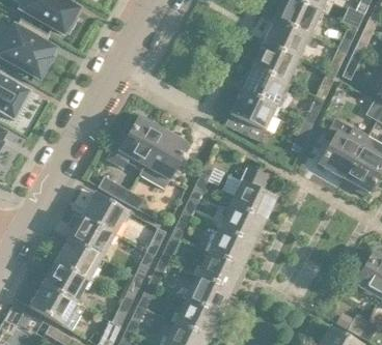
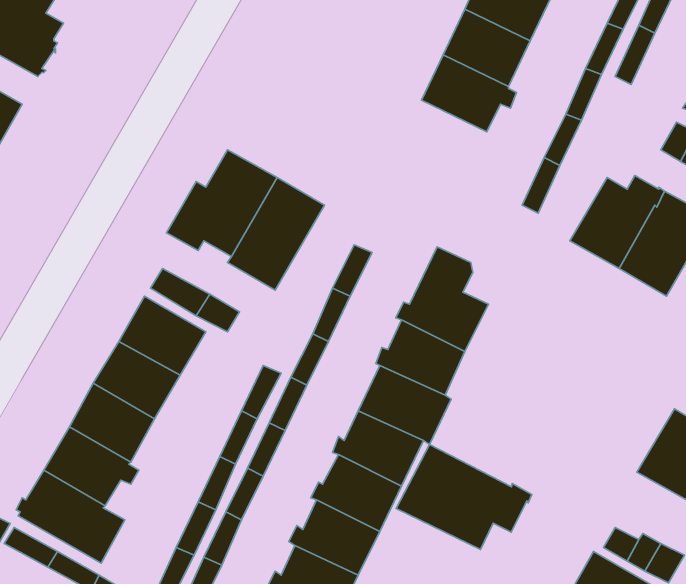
building: [223,89,278,140] -> none
building: none -> [396,445,532,550]

